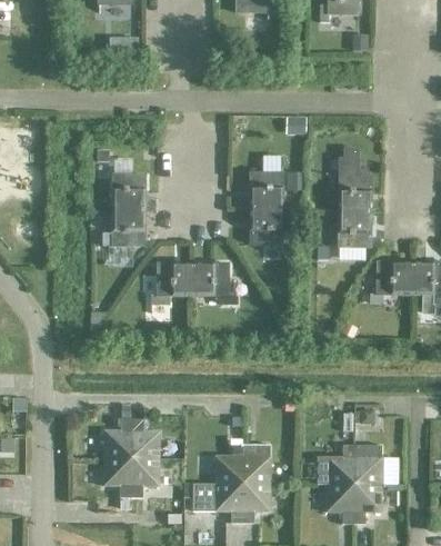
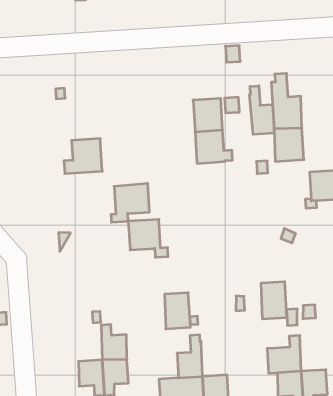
building: none -> [250,86,274,134]
building: [111,175,143,210] -> none
building: [193,264,235,306] -> [128,219,168,257]
building: [103,419,131,458] -> none
building: [241,445,269,484] -> [165,293,190,329]
building: [352,445,380,485] -> [261,282,287,319]

